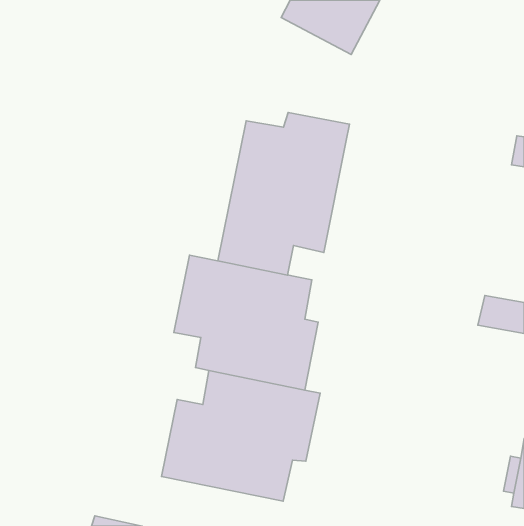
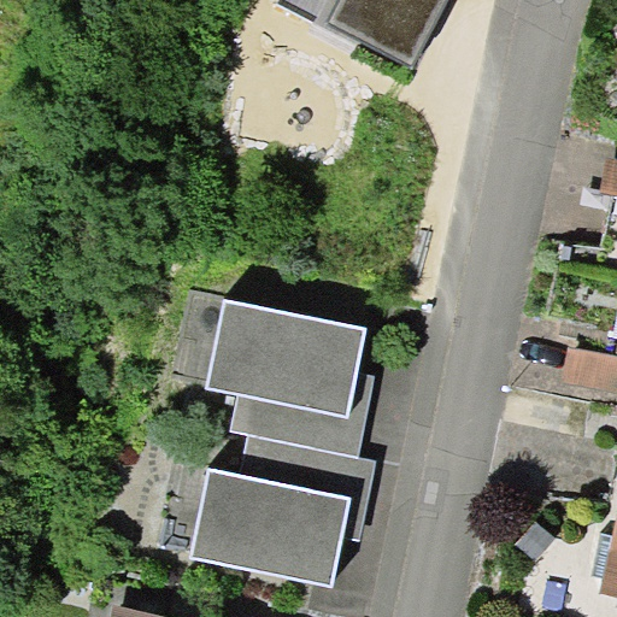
building: [218,113,350,275] -> none

